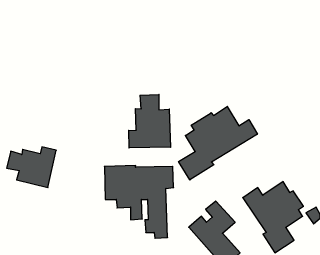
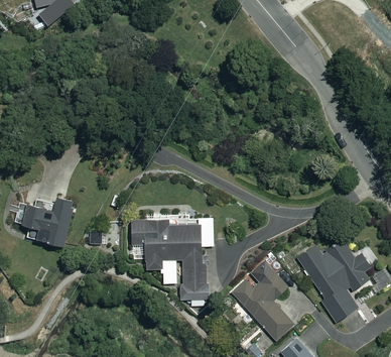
building: [129,94,171,148] -> none
building: [179,106,257,180] -> none

